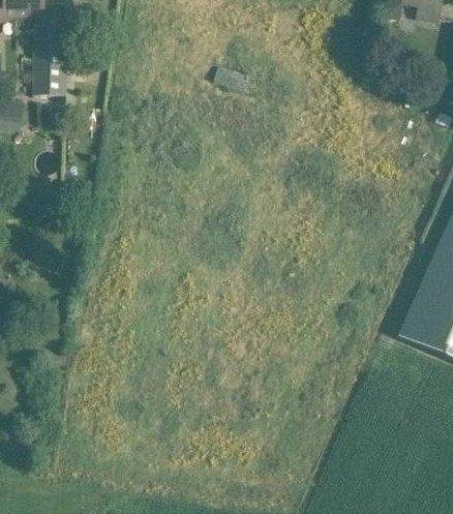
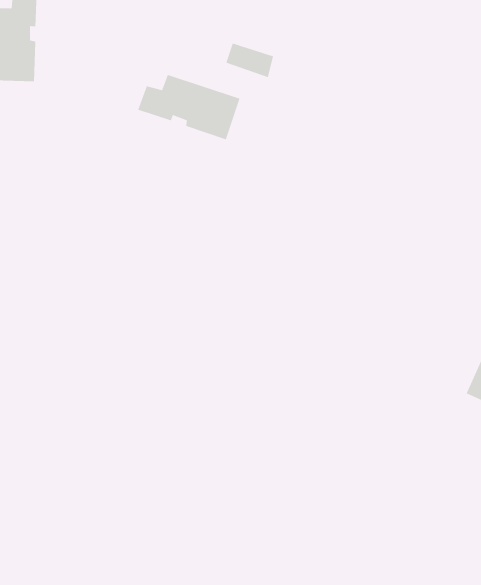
building: none -> [137,74,240,140]

